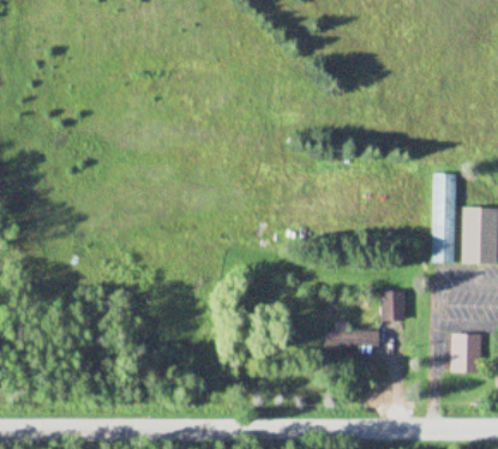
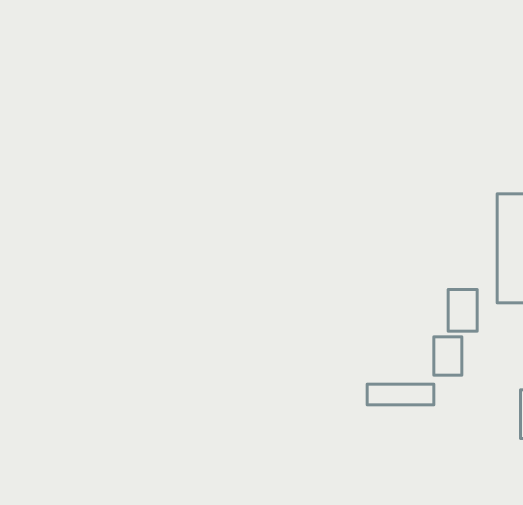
building: none -> [448,289,477,331]

